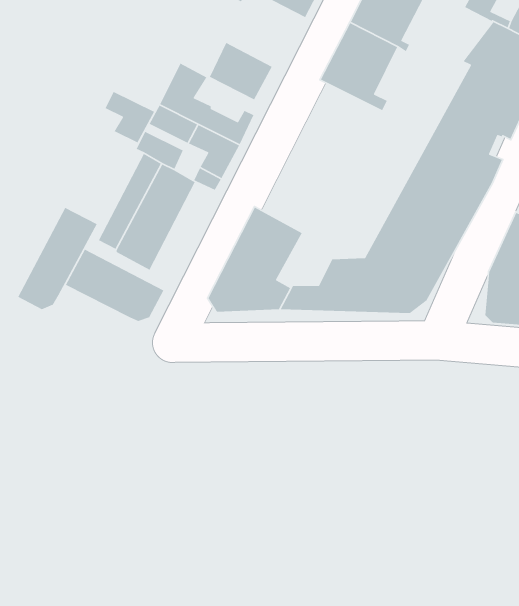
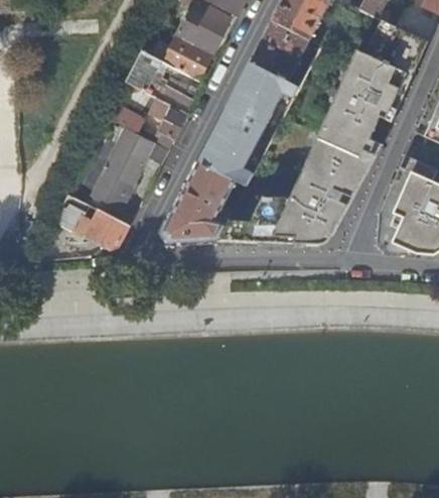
building: none -> [177,7,232,52]
building: none -> [199,63,298,185]
building: [104,91,155,144] -> none
building: [17,207,98,310] -> none

